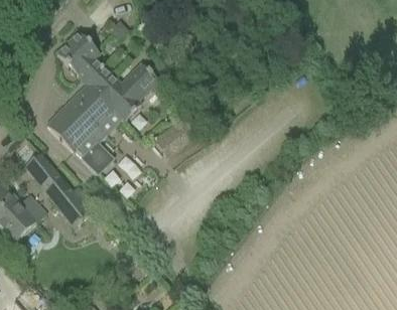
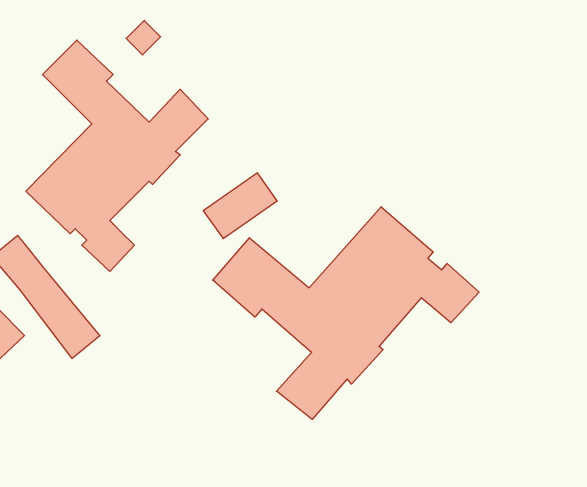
building: none -> [213,207,479,419]

